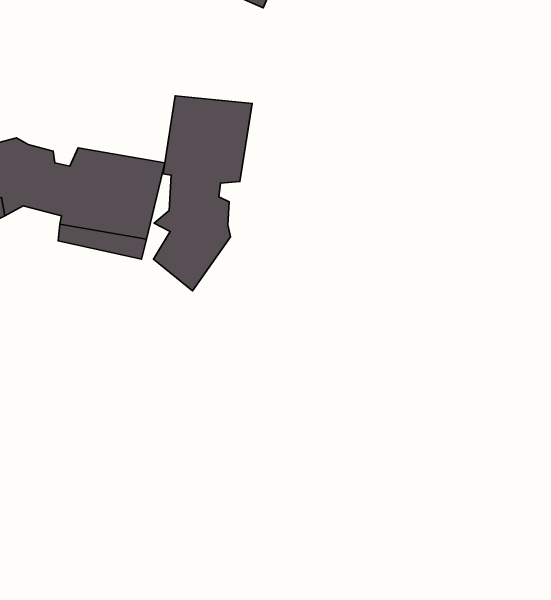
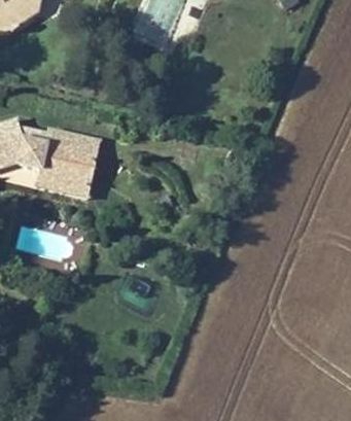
building: [154,96,252,291] -> none

